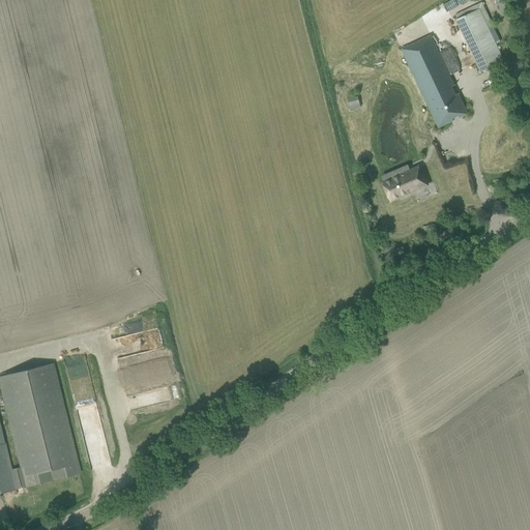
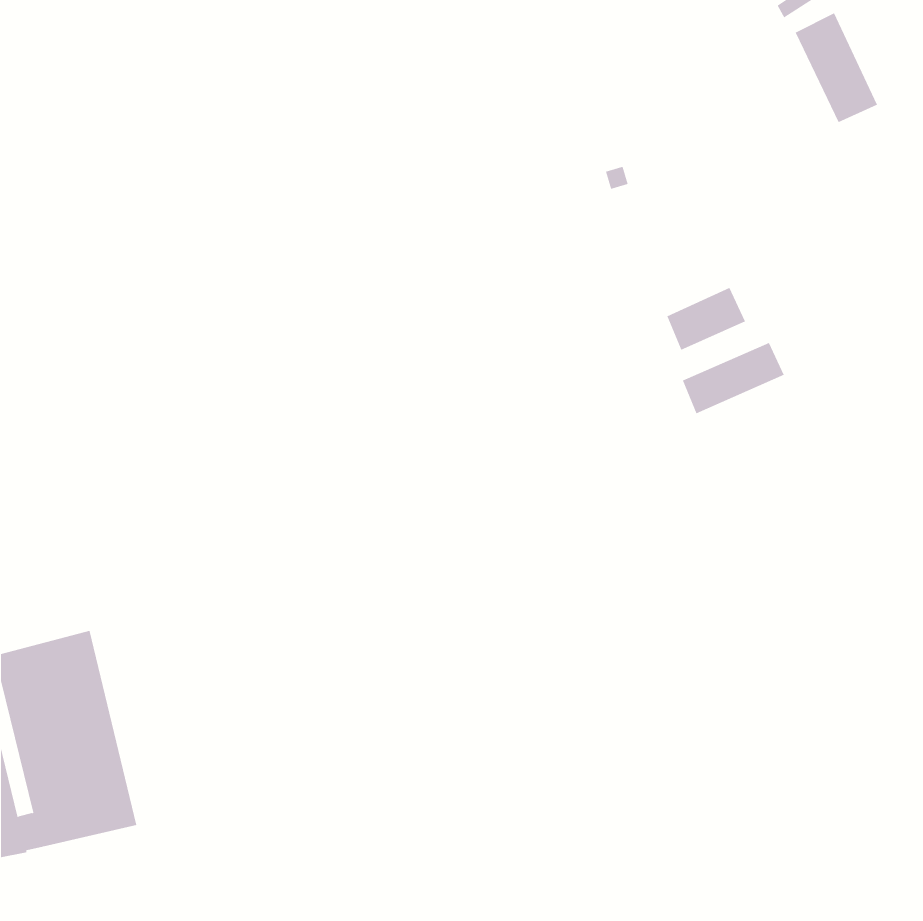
building: [401,34,468,127] -> none
building: none -> [682,342,784,414]

